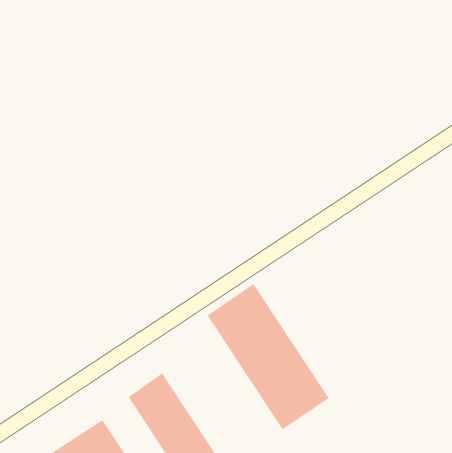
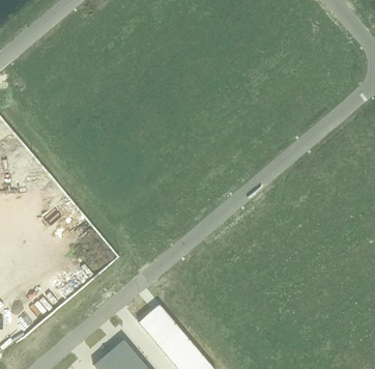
building: [207,283,329,430] -> none

